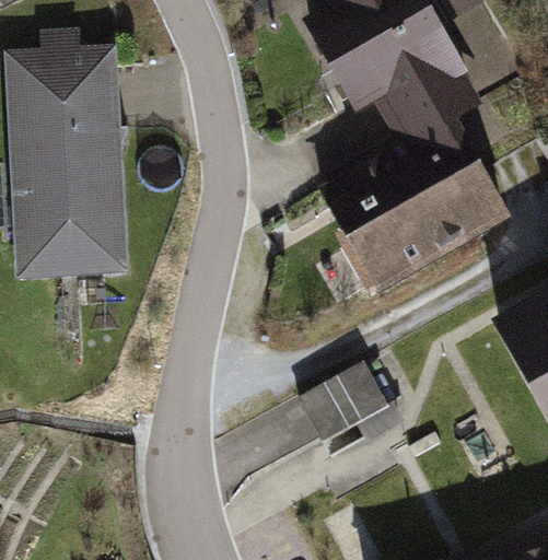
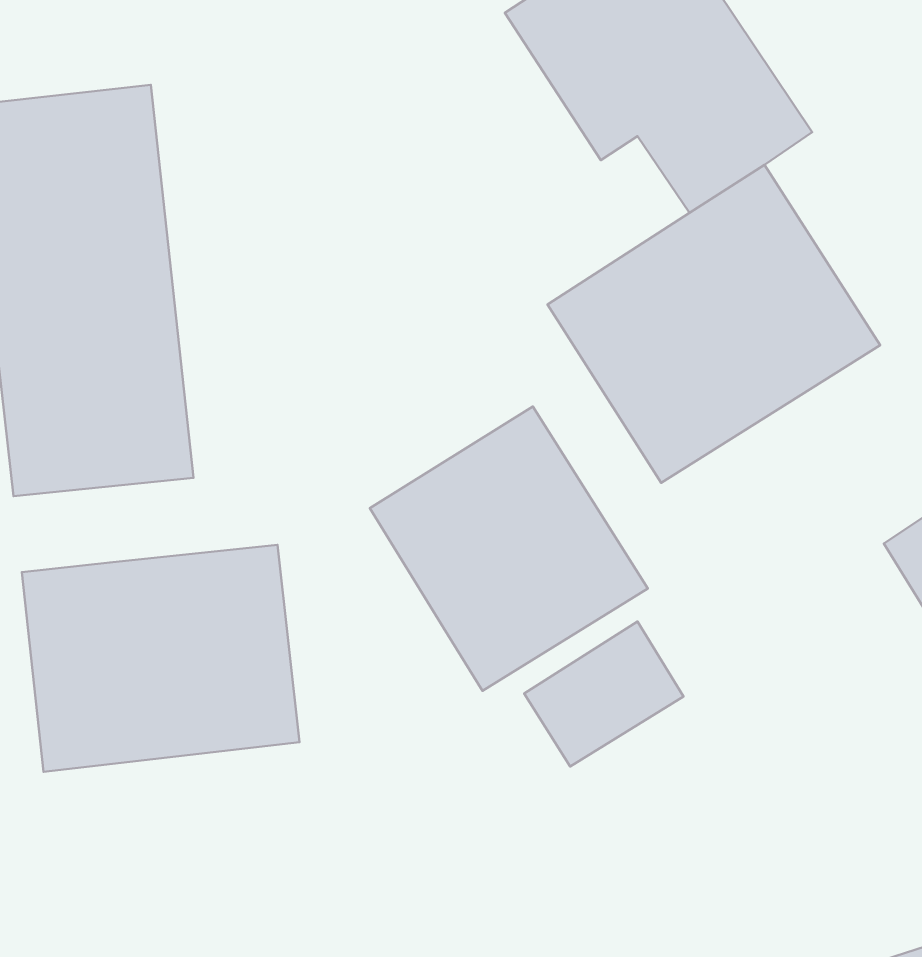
building: none -> [370,406,648,691]
building: none -> [22,545,299,772]

